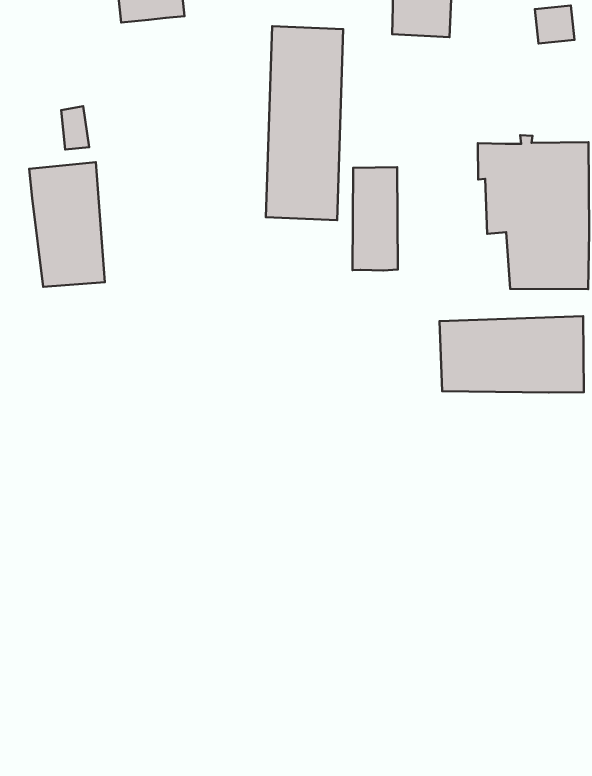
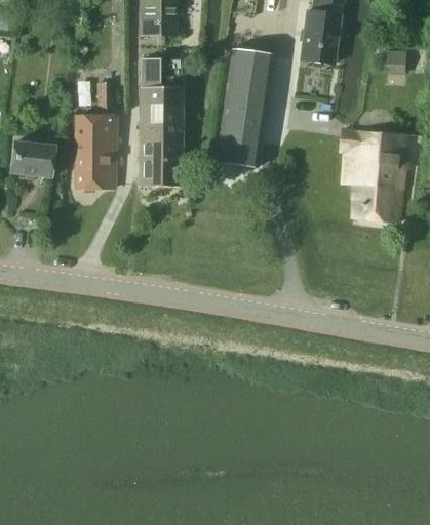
building: none -> [141,57,182,186]
building: [353,167,398,271] -> none
building: [440,316,584,392] -> none

